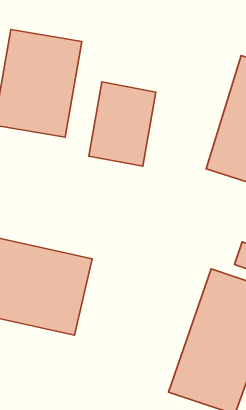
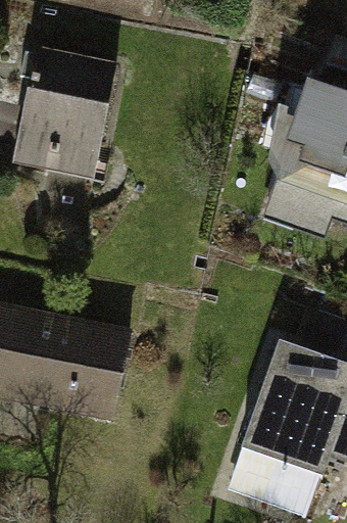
building: [89,82,156,166] -> none

